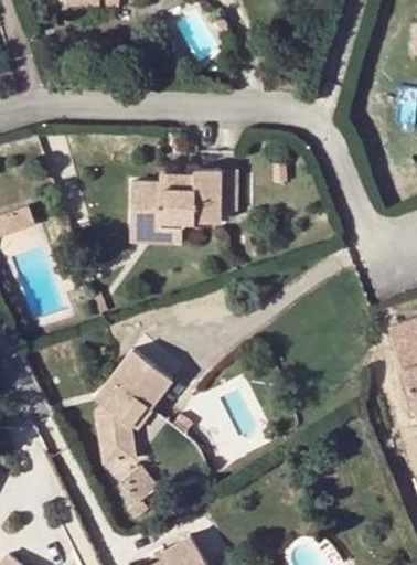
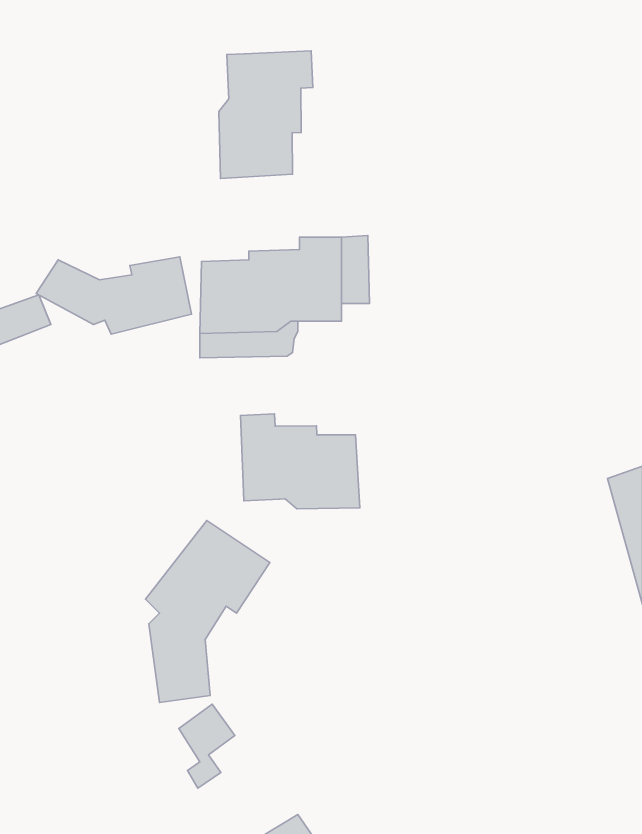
building: none -> [219,51,313,179]
building: none -> [36,257,192,334]
building: none -> [240,414,360,509]

